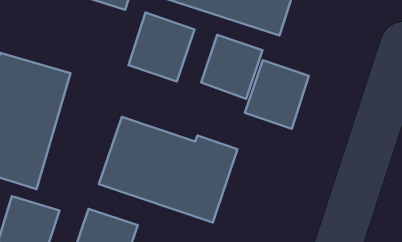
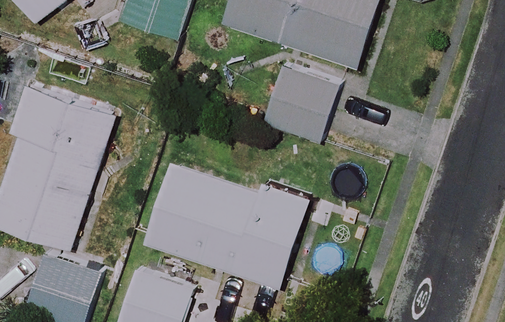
building: [129,13,194,82] -> none
building: [245,60,309,129] -> none

